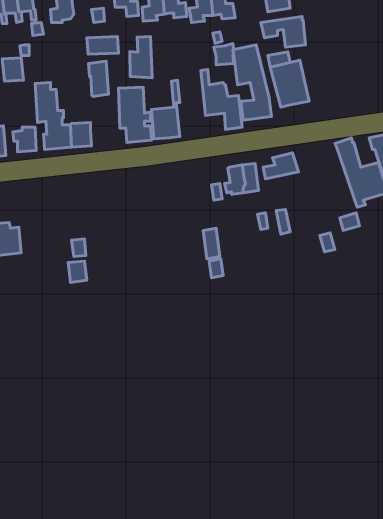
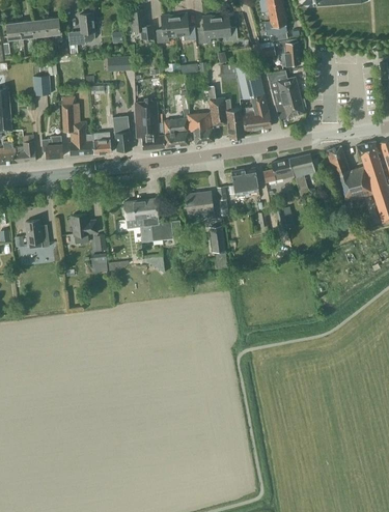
building: [130,37,152,78] -> none
building: [88,61,108,97] -> [113,120,131,151]
building: none -> [187,112,214,143]
building: none -> [288,153,321,198]
building: none -> [186,191,215,221]
building: none -> [123,198,182,240]
building: none -> [72,214,98,234]

